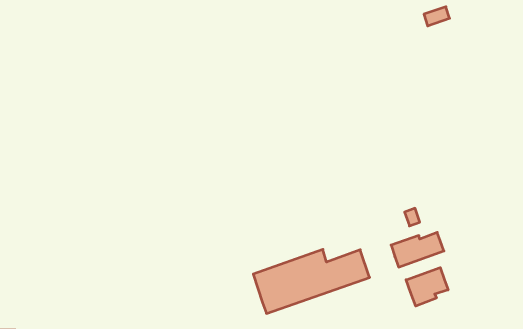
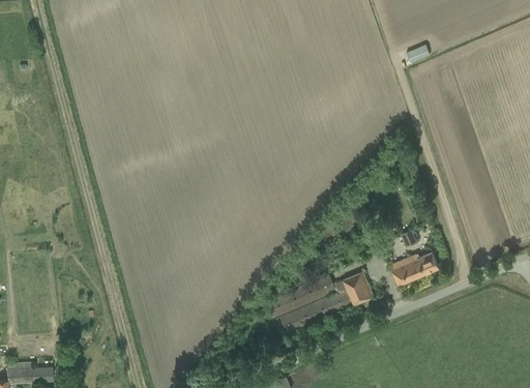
building: [406,268,448,306] -> none

